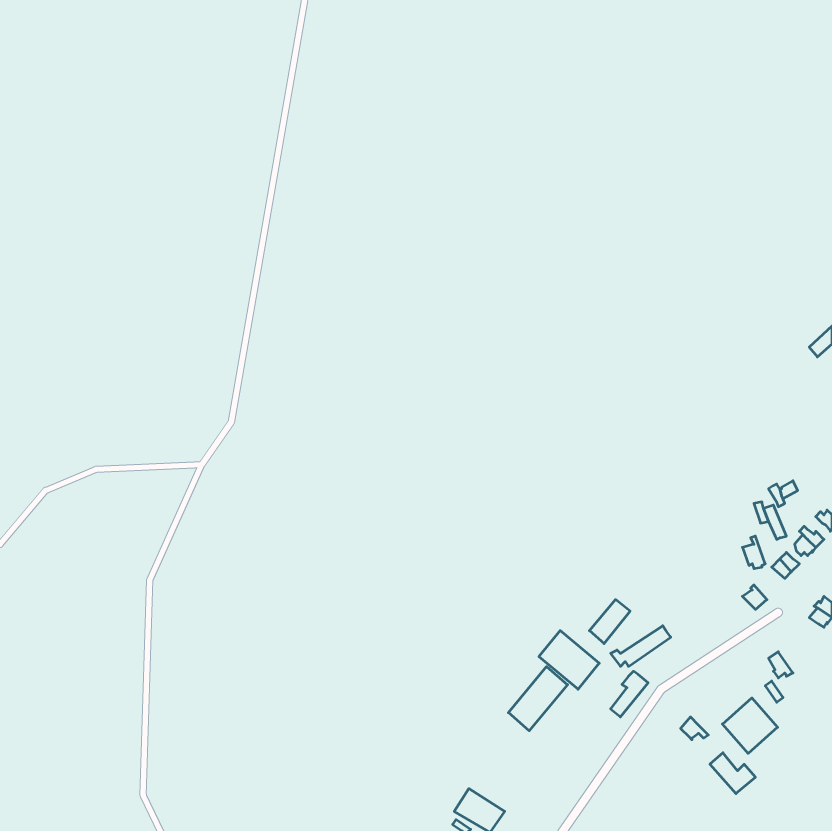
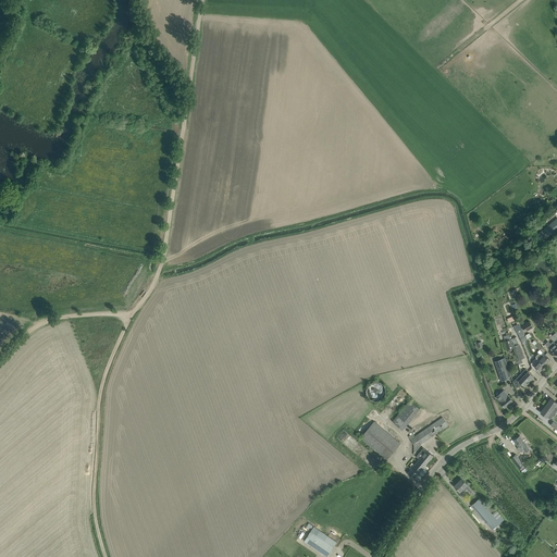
building: [508,667,568,731] -> none
building: [722,698,778,753] -> none

